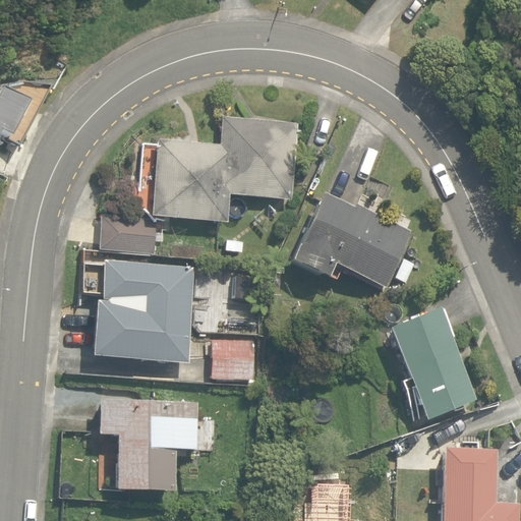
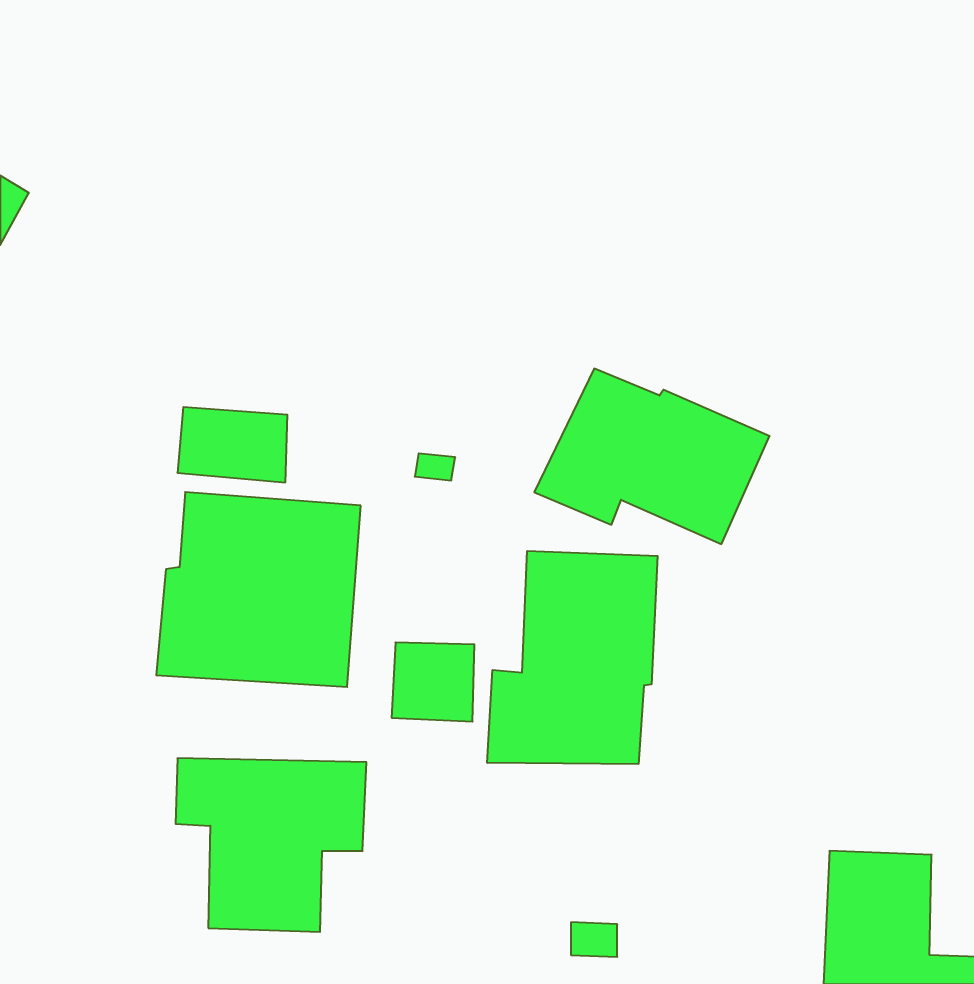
building: [153,117,300,222] -> none
building: none -> [487,551,658,764]
building: [389,307,478,420] -> none

